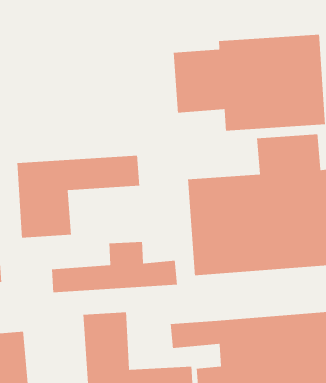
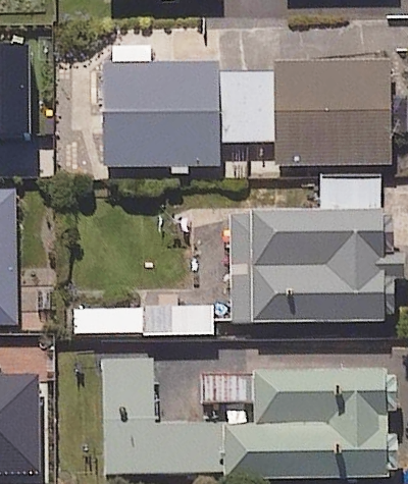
building: none -> [104,46,220,167]
building: [16,155,140,239] -> none

